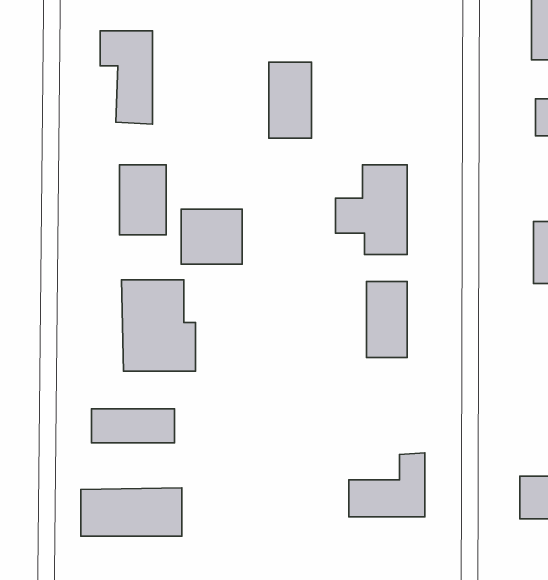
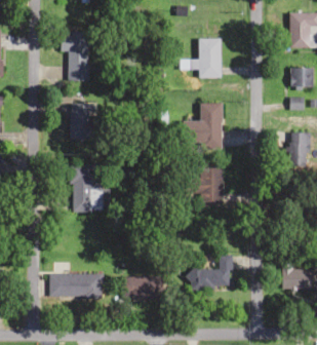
building: [269,62,312,138] -> [198,38,221,78]
building: [181,209,242,264] -> none
building: [91,409,174,443] -> none
building: none -> [125,276,163,299]

